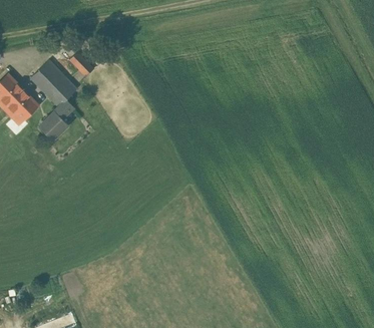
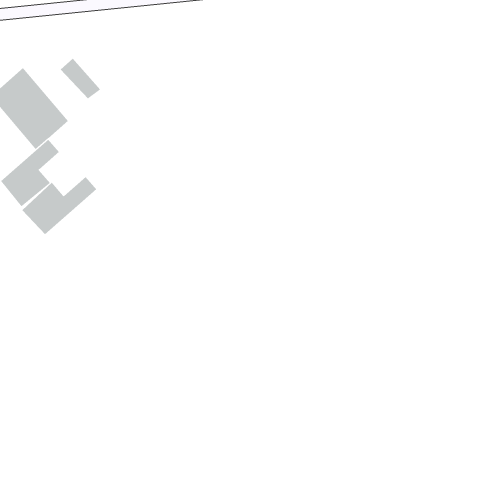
building: none -> [21,176,97,235]

